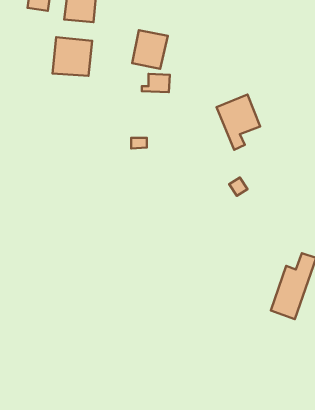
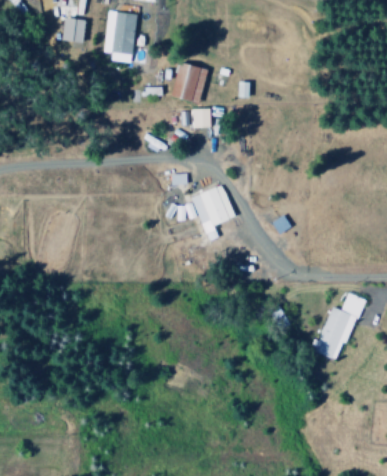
building: [52,37,92,76] -> none
building: [217,94,260,150] -> [191,185,236,242]

